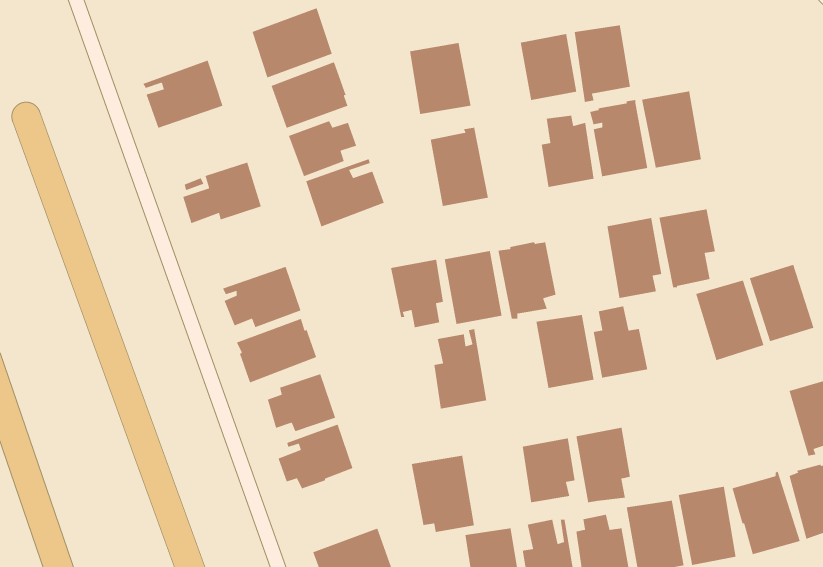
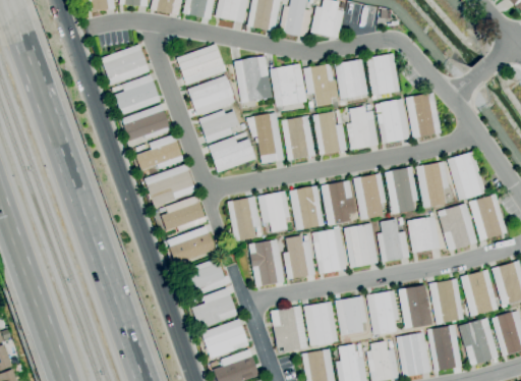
building: none -> [101,45,149,86]
building: none -> [233,57,271,103]
building: none -> [302,64,336,107]
building: none -> [122,105,170,142]
building: none -> [312,110,346,155]
building: none -> [245,113,283,164]
building: none -> [447,152,485,201]
building: none -> [144,164,195,208]
building: none -> [353,174,386,220]
building: none -> [227,197,262,241]
building: none -> [407,213,440,253]
building: none -> [311,226,346,274]
building: none -> [248,239,284,287]
building: none -> [460,270,498,317]
building: none -> [428,279,463,326]
building: none -> [398,285,431,329]
building: none -> [303,303,337,346]
building: none -> [200,319,248,360]

